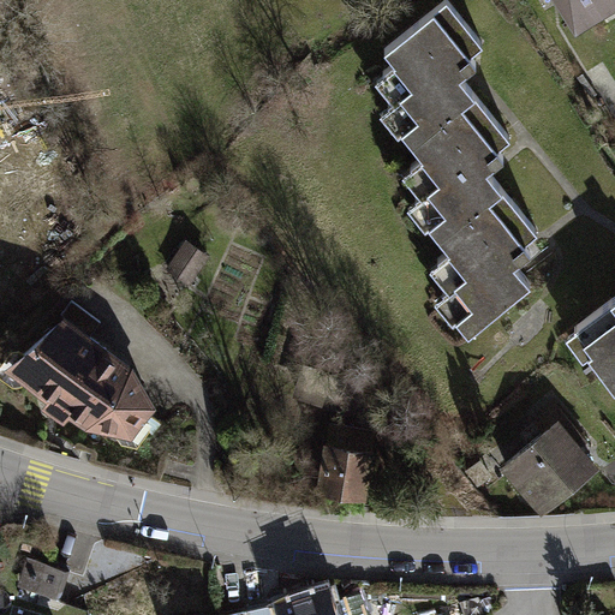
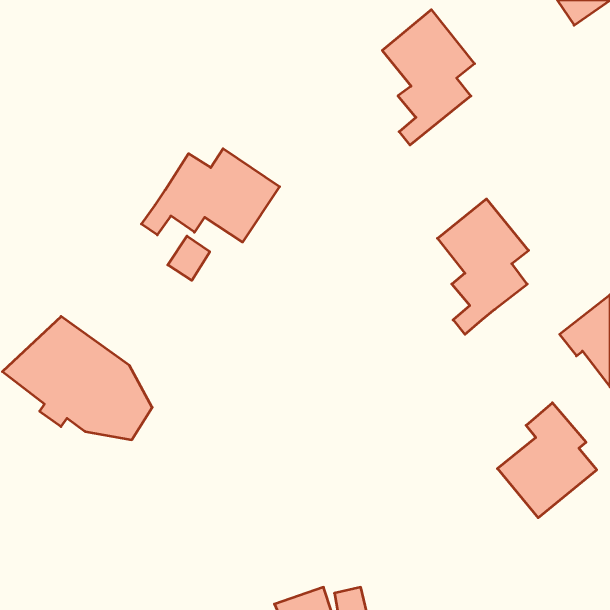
building: [411,108,502,241] -> none
building: none -> [141,149,280,242]
building: [316,434,375,509] -> none
building: [18,560,70,602] -> none

